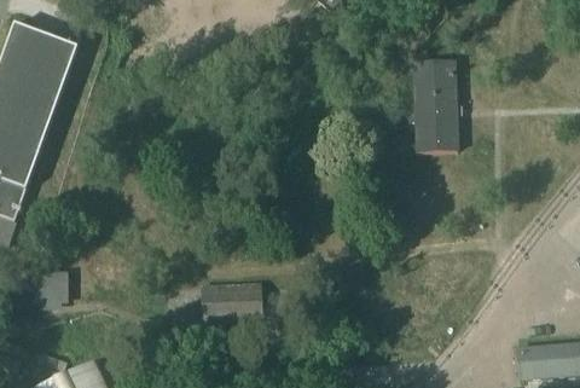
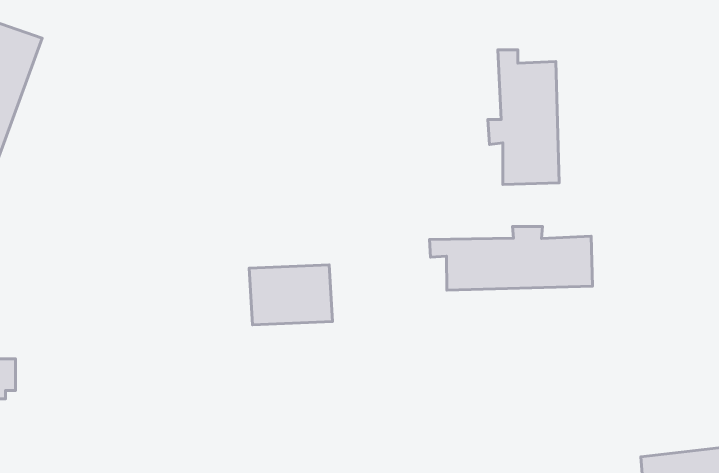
building: none -> [429,227,593,290]
building: [198,277,259,320] -> [249,265,332,325]

